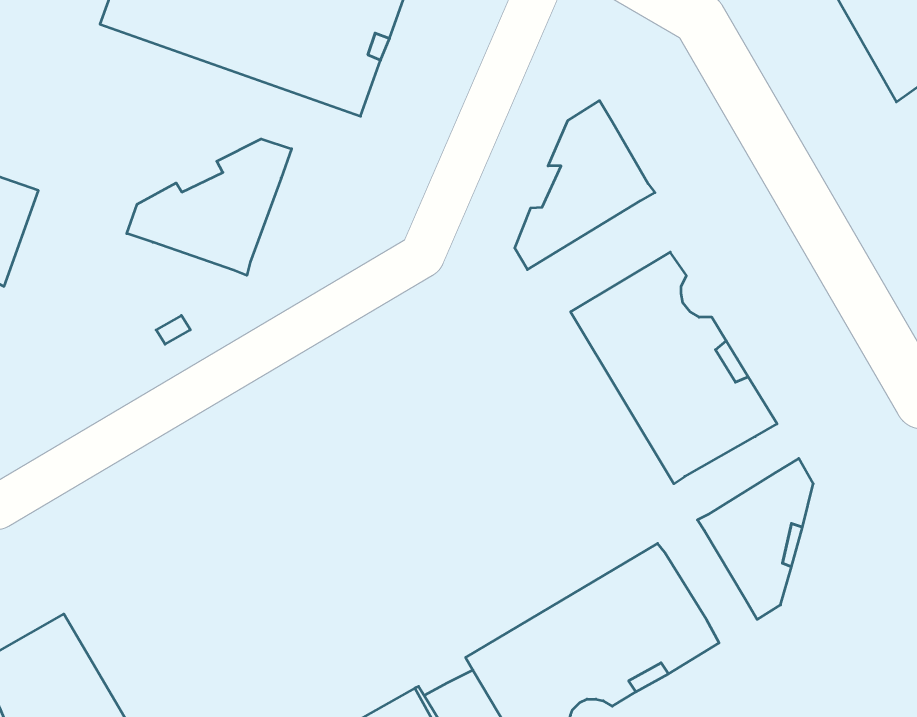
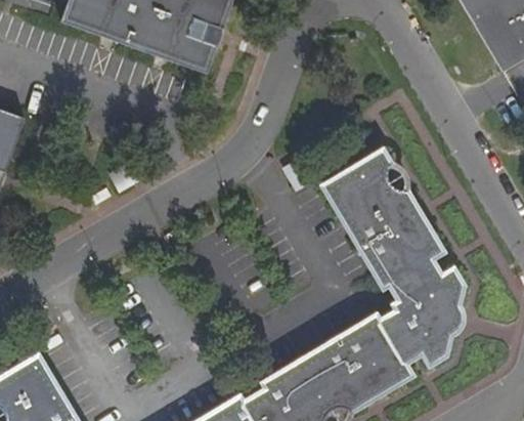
building: [515,101,655,270] -> none
building: [127,139,292,275] -> none
building: none -> [389,257,440,301]
building: none -> [378,310,423,361]

